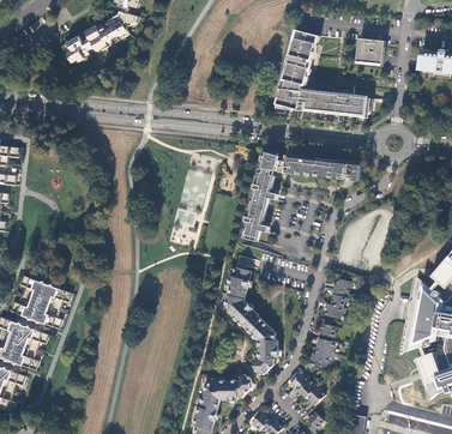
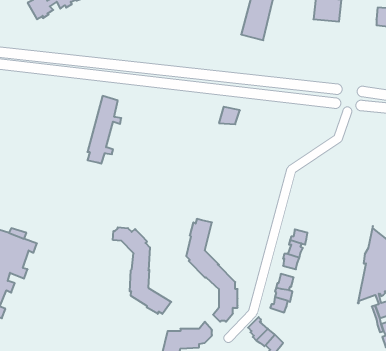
building: [275,86,370,120] -> none
building: [283,157,360,180] -> none
building: [242,170,277,240] -> [87,96,121,164]
building: none -> [113,227,171,314]

